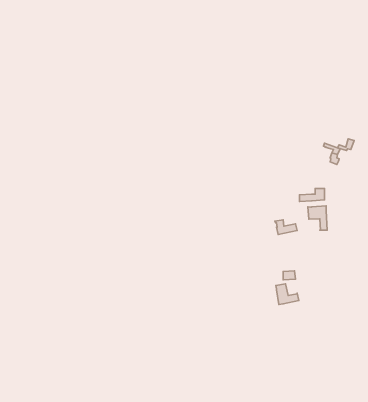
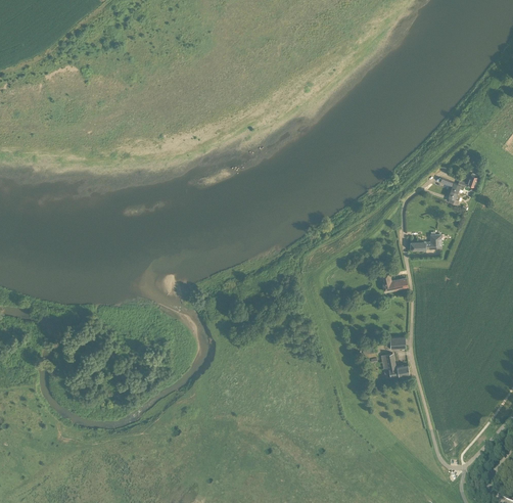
building: [308,206,327,230] -> none

